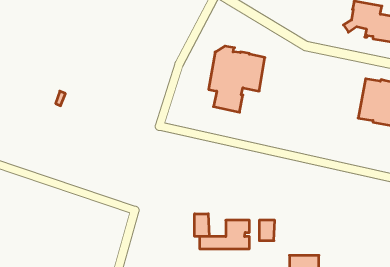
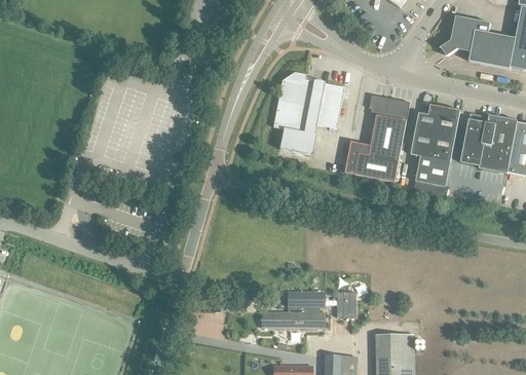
building: none -> [346,90,411,181]
building: none -> [411,104,461,187]
building: [195,214,209,236] -> none

